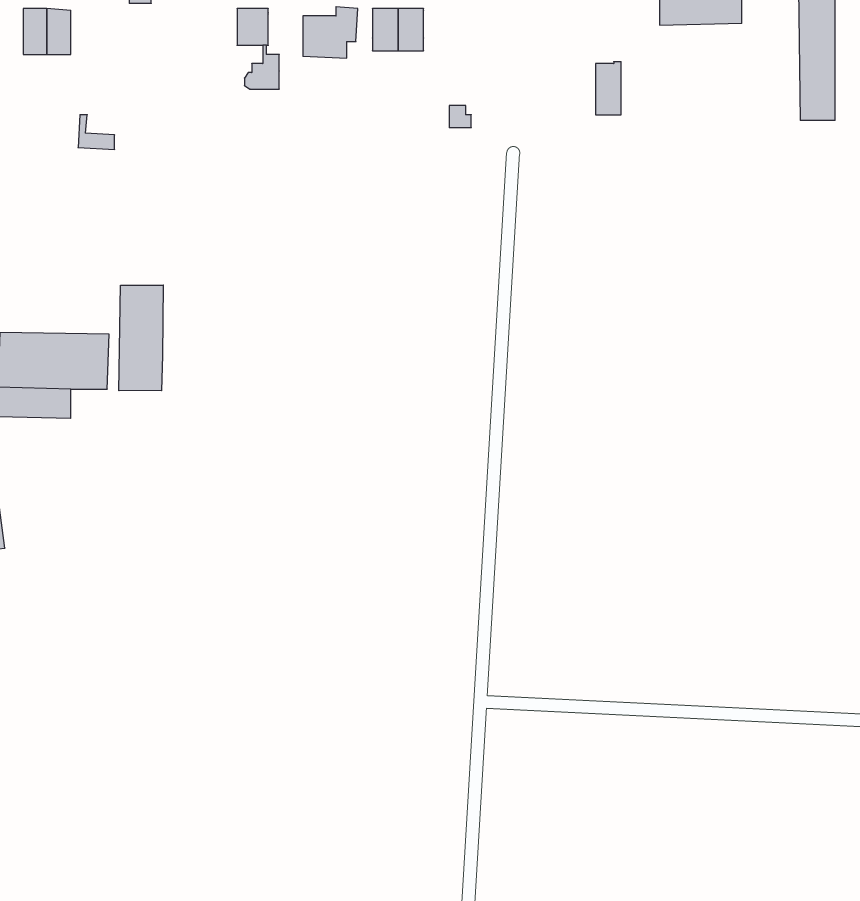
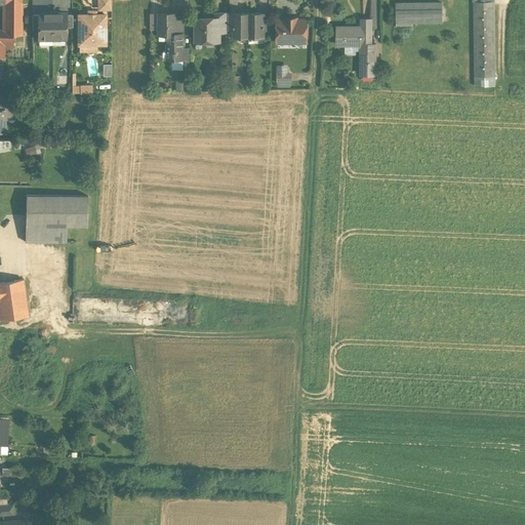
building: none -> [78,17,105,46]
building: none -> [277,18,306,43]
building: none -> [335,19,370,45]
building: [119,285,163,391] -> none

